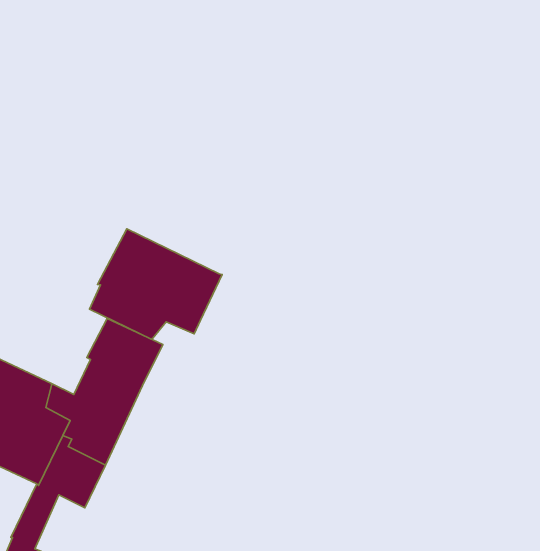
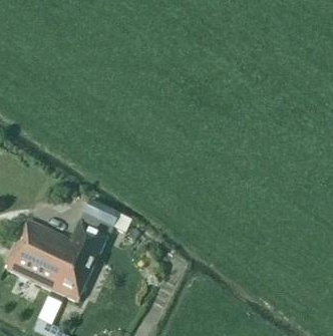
building: [90,229,222,339] -> none

